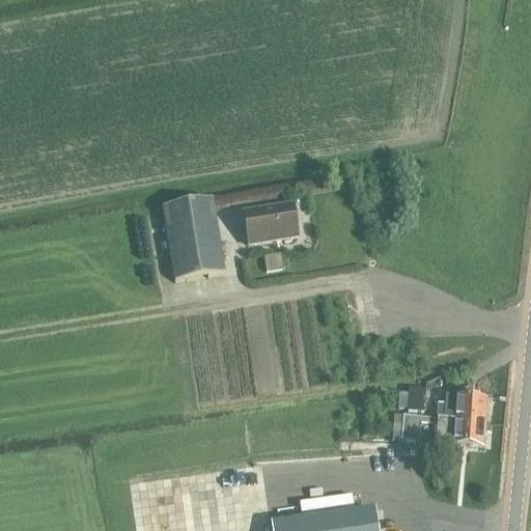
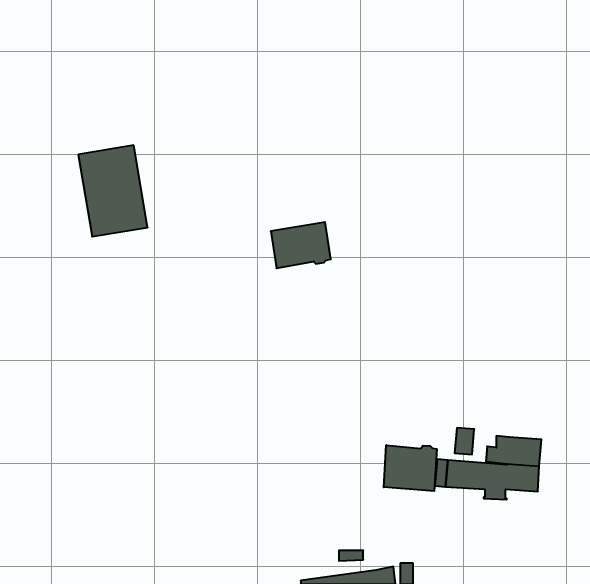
building: [163,195,225,277] -> [78,145,148,237]
building: none -> [384,445,437,491]

